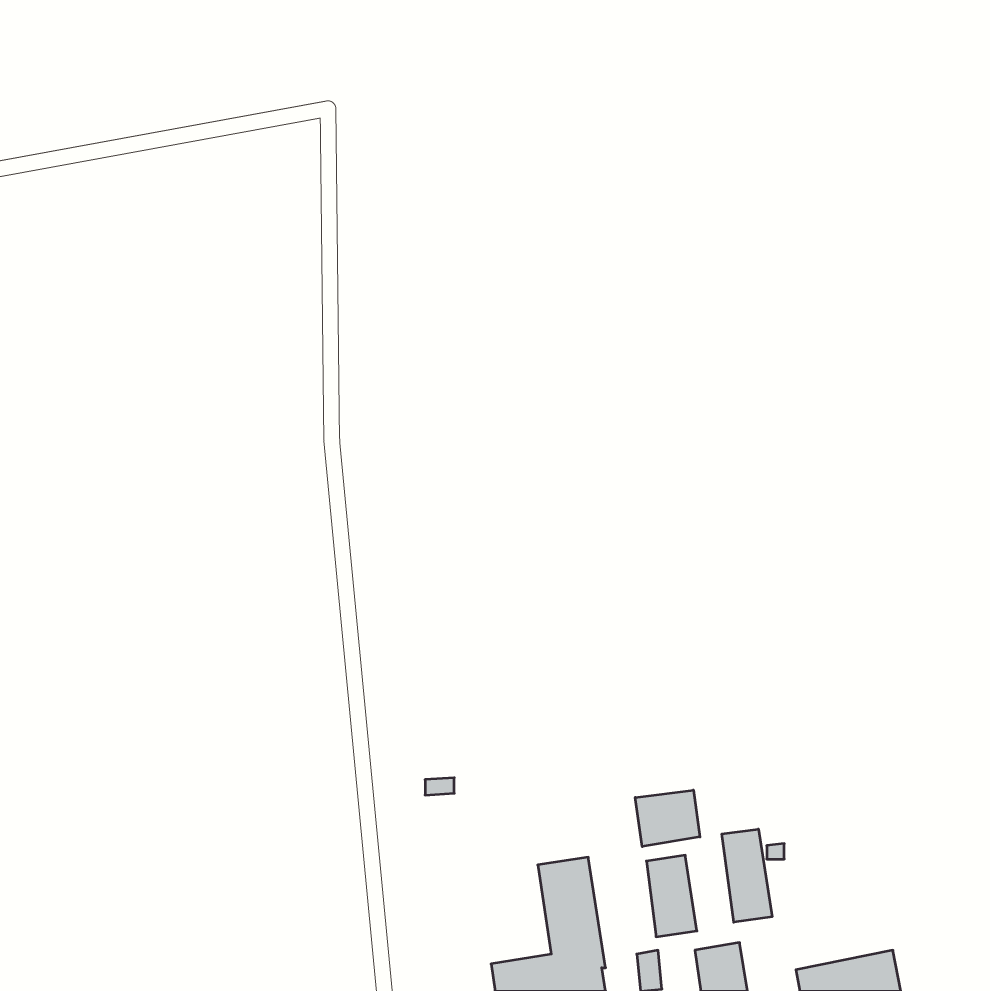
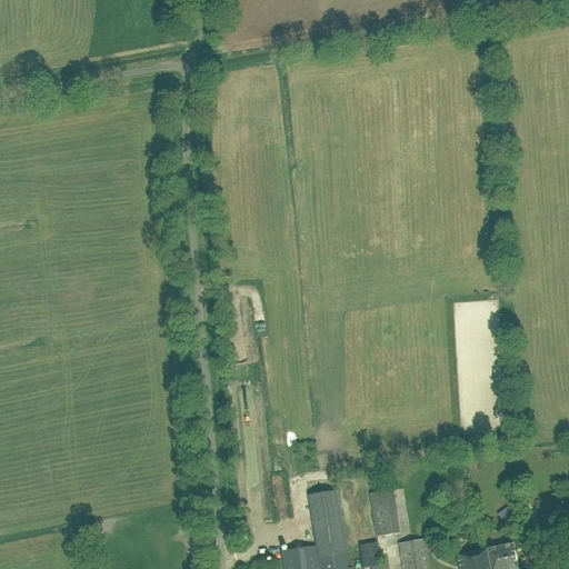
building: [635,790,700,847] -> none
building: [722,829,772,922] -> none

